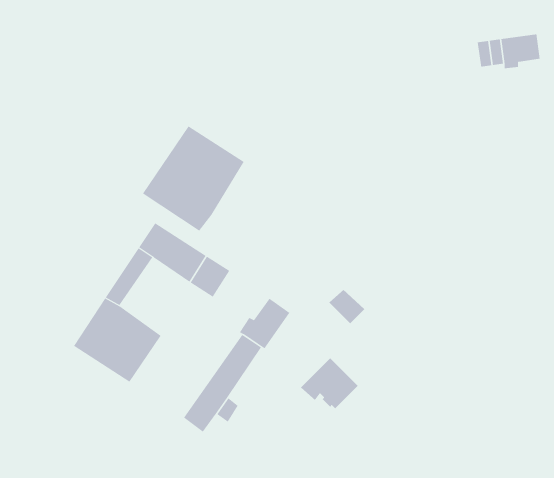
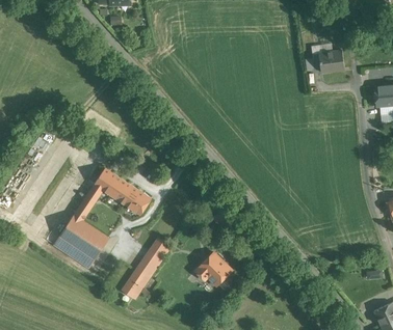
building: [142,126,244,232] -> none
building: [239,298,290,349] -> none

